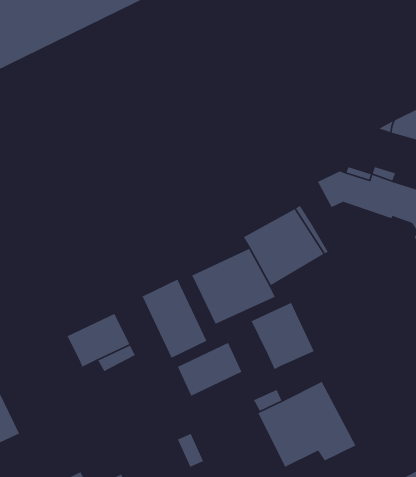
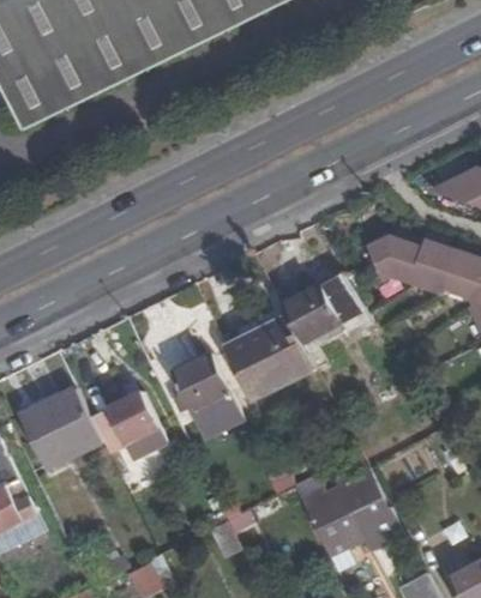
building: [251,302,315,370] -> none
building: none -> [24,391,104,470]
building: [177,342,243,397] -> none

